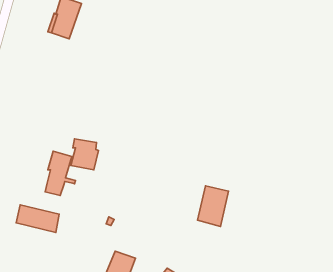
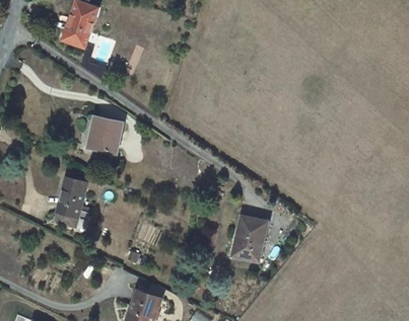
building: [71,139,98,170] -> [89,117,121,153]
building: [16,205,59,233] -> none

